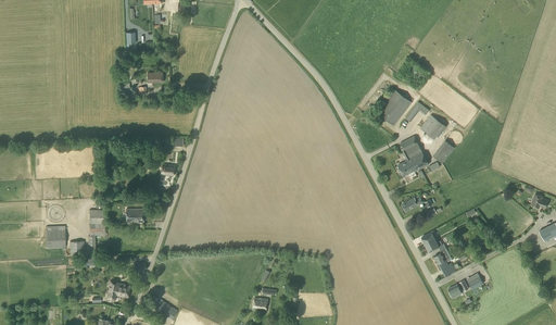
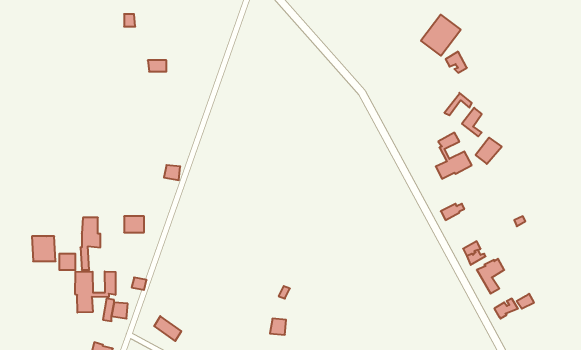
building: [377,88,412,124] -> [421,15,461,56]
building: none -> [75,271,116,313]

